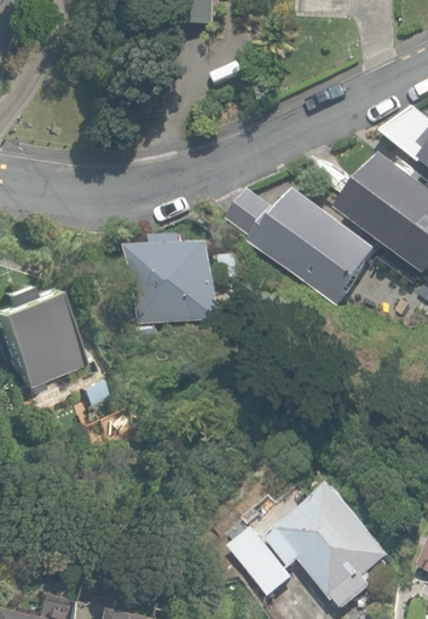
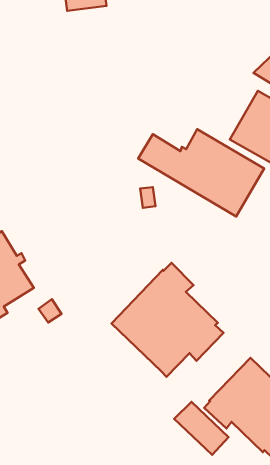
building: [132,237,225,323] -> none
building: none -> [111,263,224,377]

